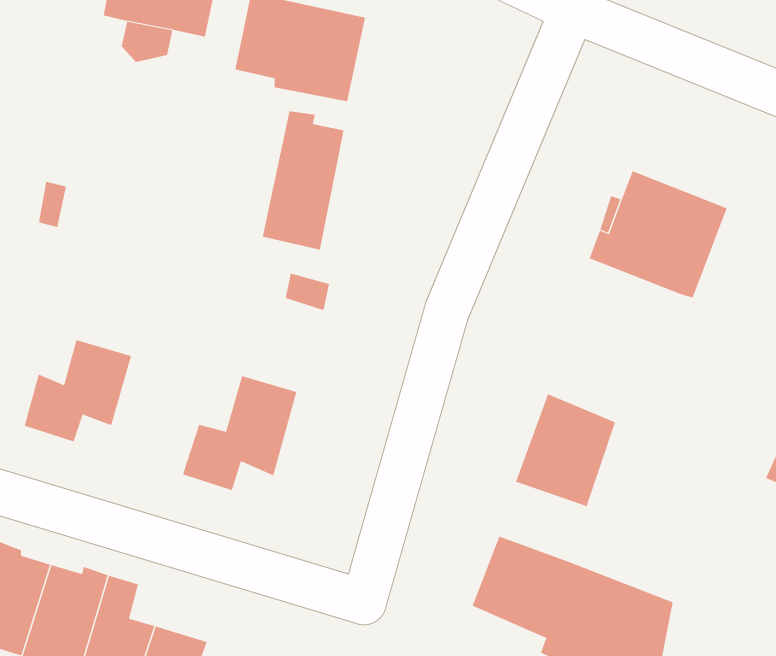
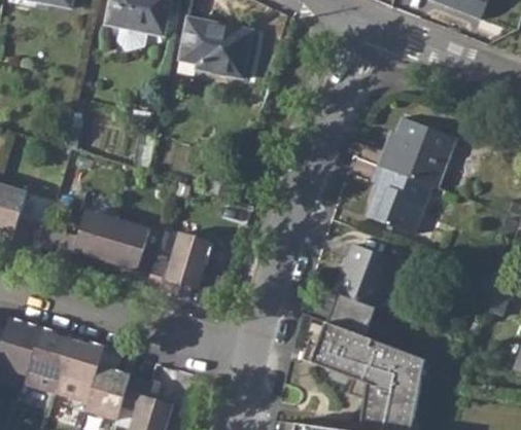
building: [262,110,344,251] -> none
building: none -> [366,165,430,232]
building: none -> [105,220,154,288]
building: none -> [326,293,378,337]

